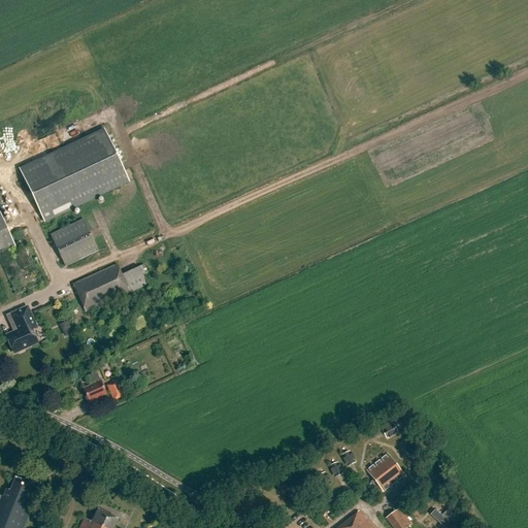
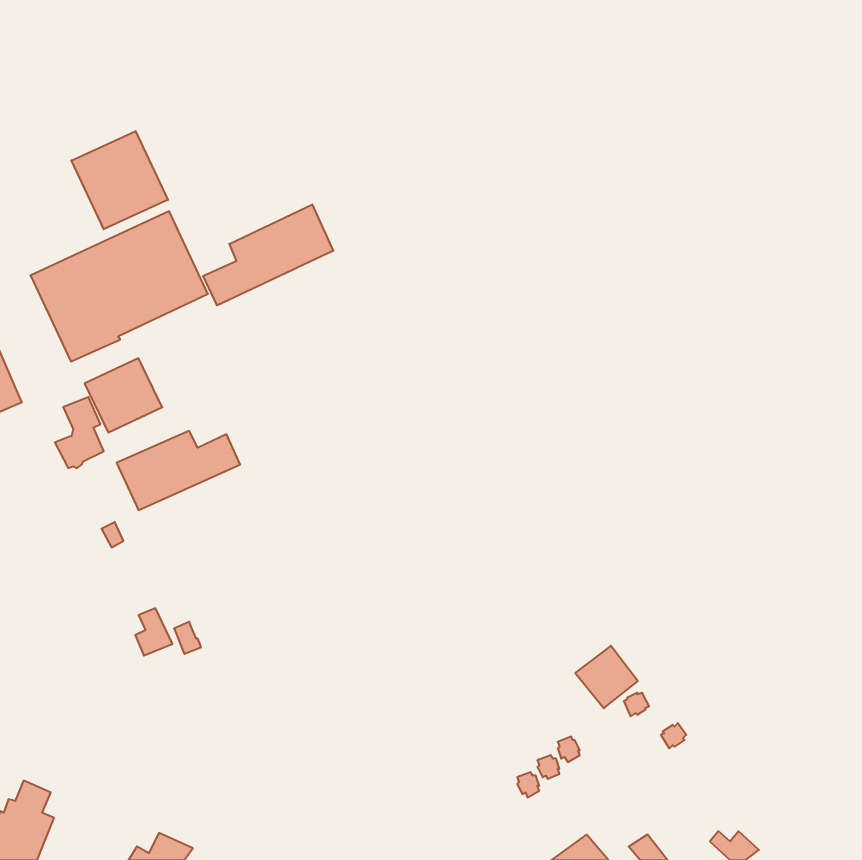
building: none -> [71,131,168,229]
building: none -> [203,204,333,305]
building: [5,307,35,351] -> [55,397,104,468]
building: [365,453,403,491] -> [575,646,638,708]

